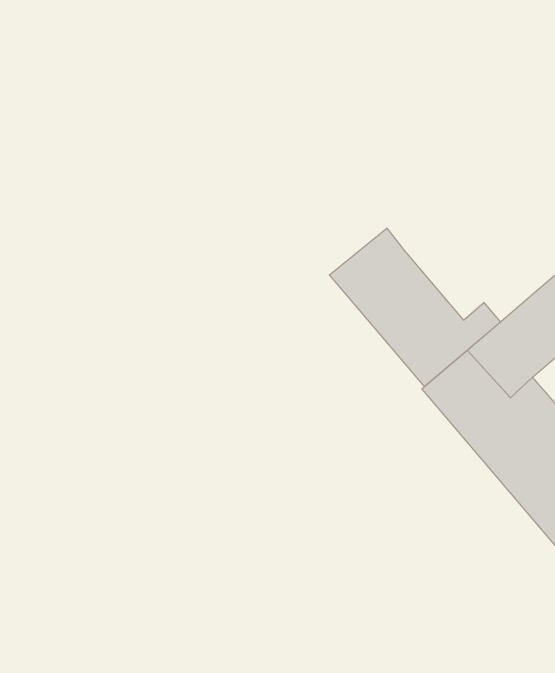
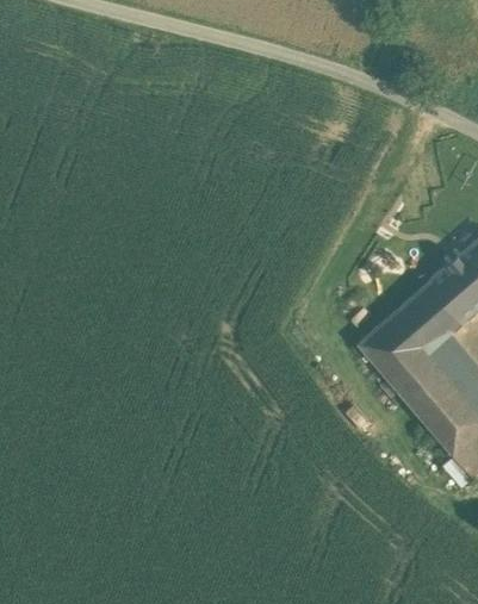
building: [329,228,501,387] -> none

